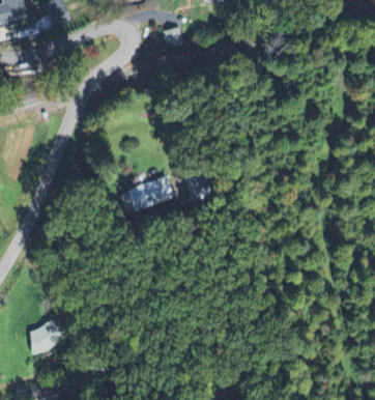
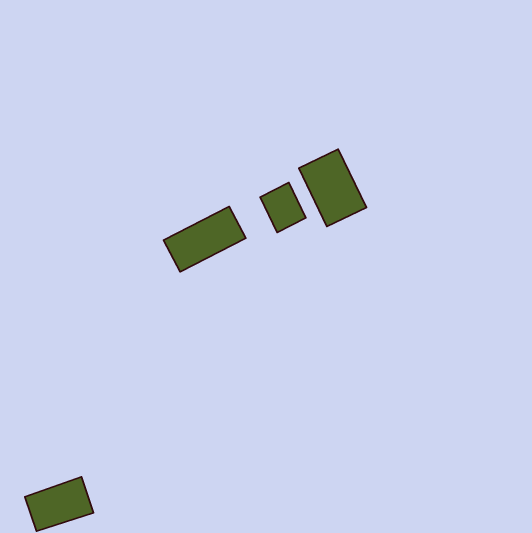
building: none -> [299,149,367,226]

